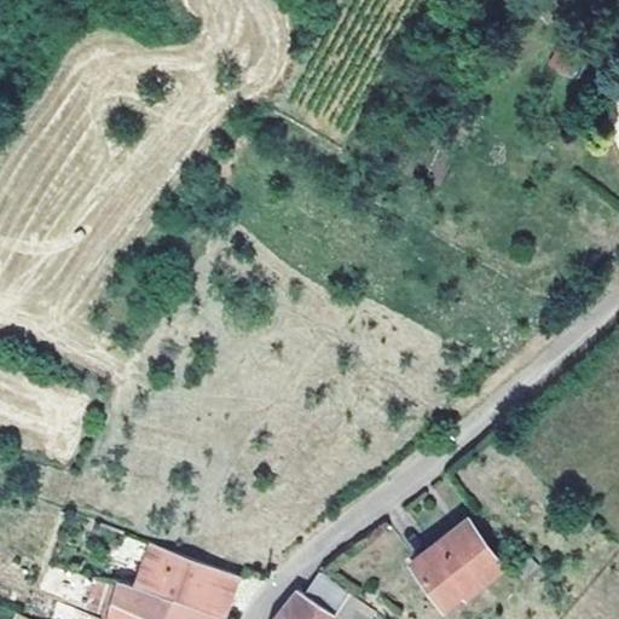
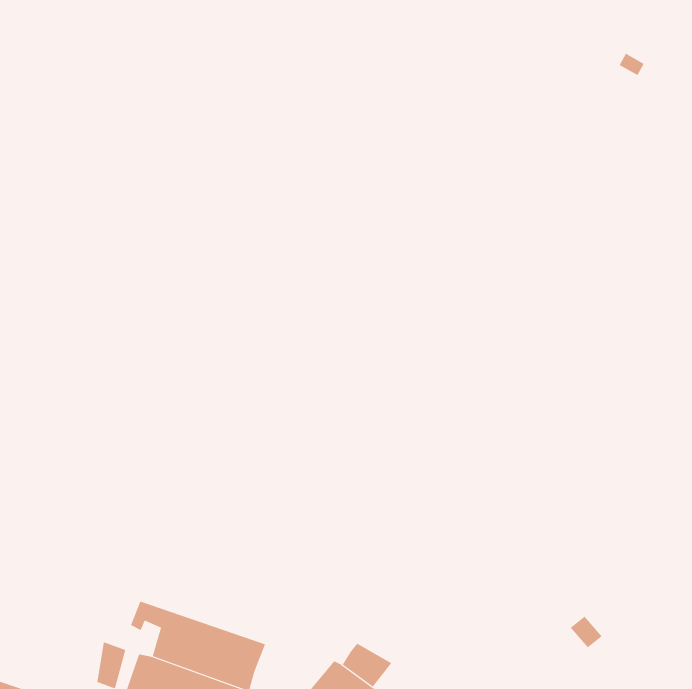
building: [411,522,502,607] -> none

